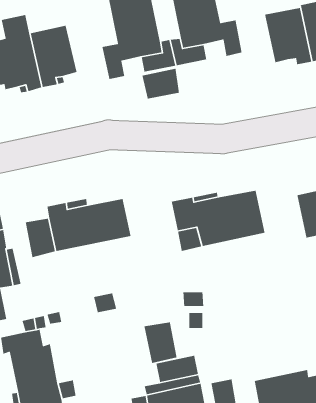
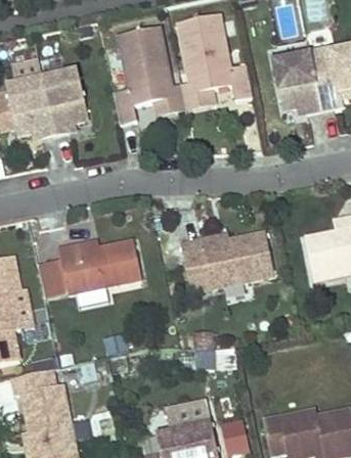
building: [141,68,180,99] -> none
building: [143,322,178,364] -> none

